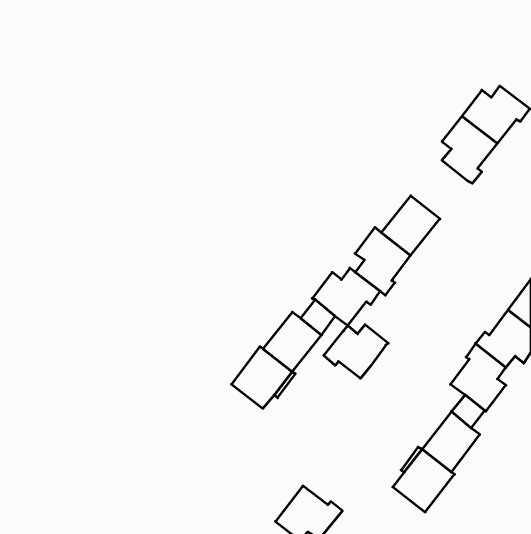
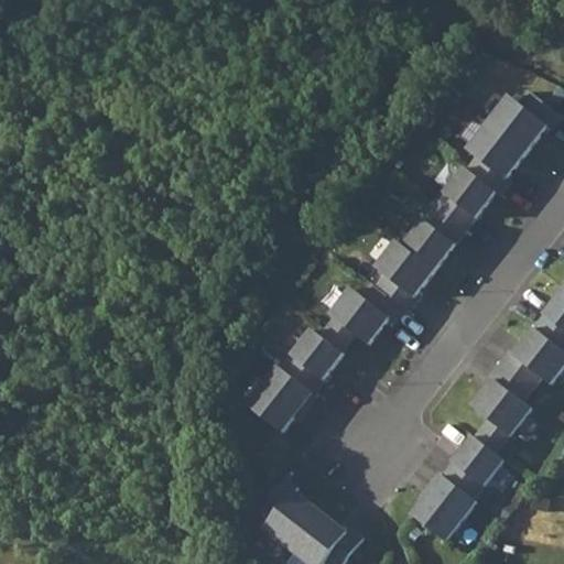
building: none -> [432,167,492,231]
building: [324,325,388,378] -> none
building: none -> [258,477,318,550]

